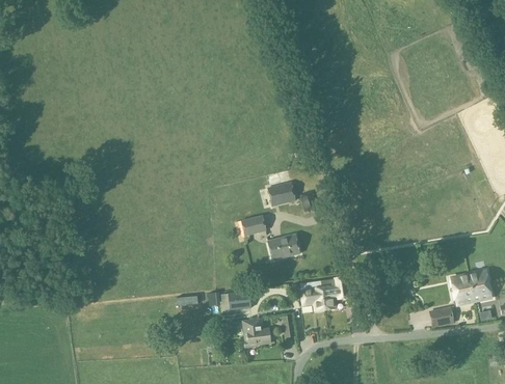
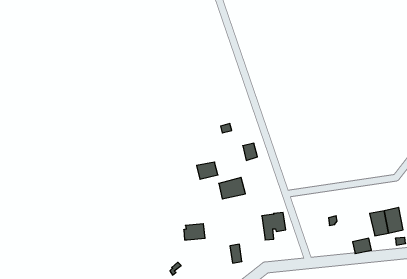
building: [266,182,294,205] -> none
building: [301,279,325,310] -> none
building: [245,318,271,347] -> none

